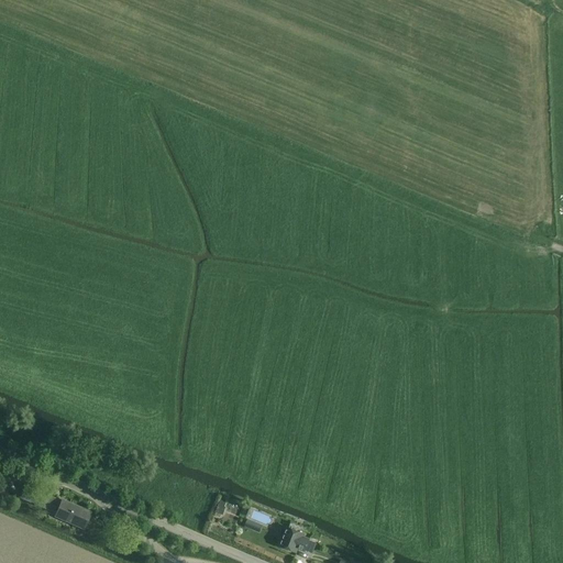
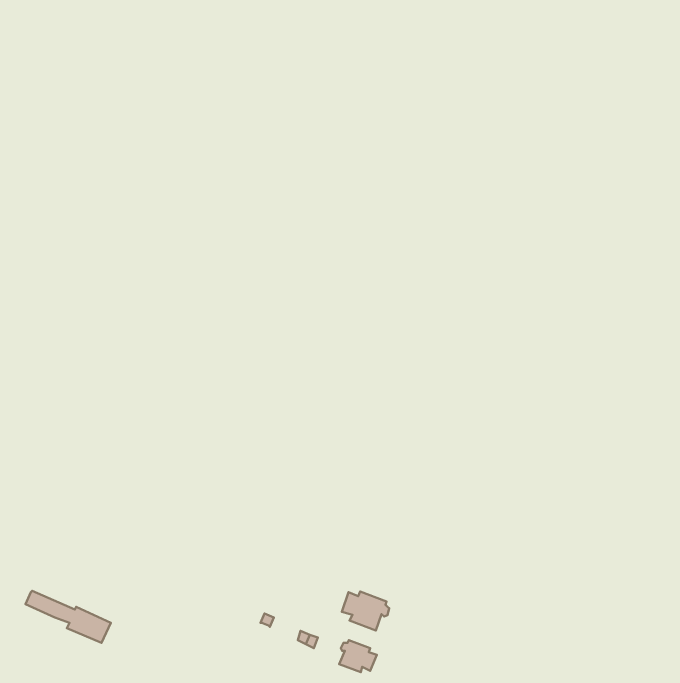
building: none -> [342,592,389,630]

